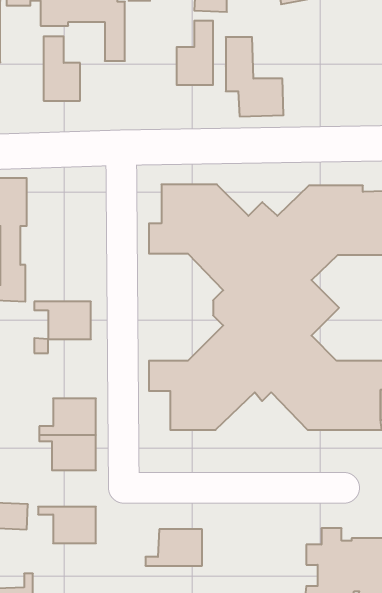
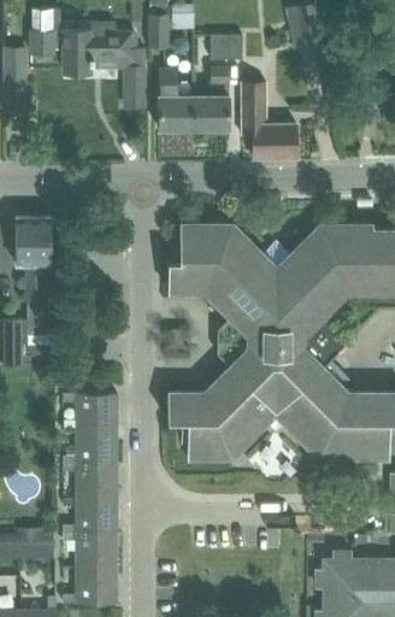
building: [44,36,80,101] -> [159,67,194,129]
building: [34,302,91,339] -> [63,393,117,429]
building: none -> [61,498,117,533]
building: [145,529,202,566] -> [63,568,117,603]

